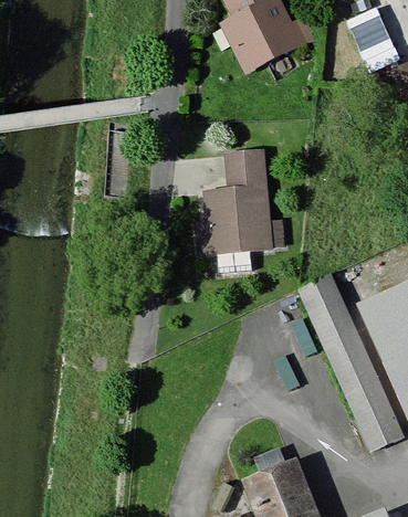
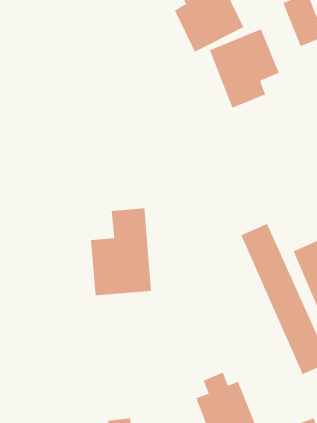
building: none -> [209,29,279,108]
building: [199,149,272,253] -> [90,208,152,296]

